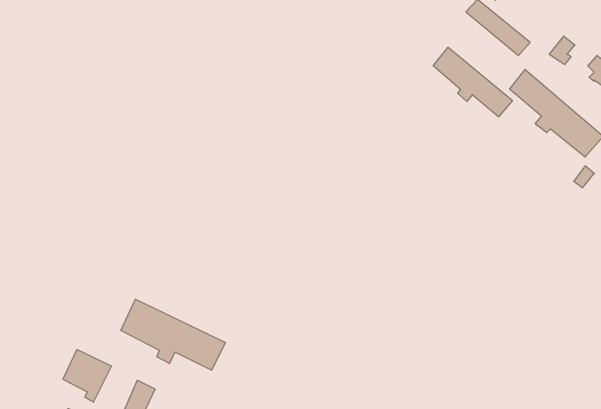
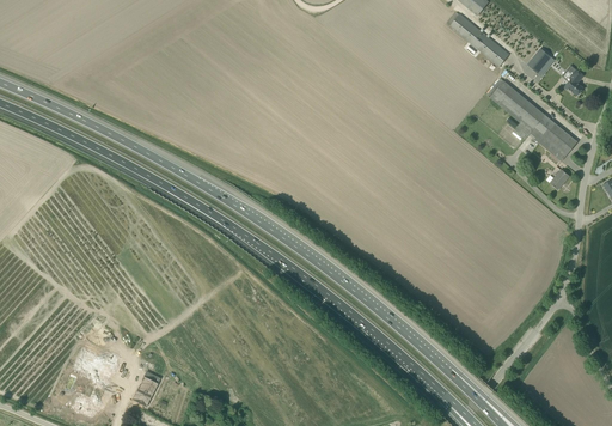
building: [433,47,513,117] -> none
building: [121,299,226,370] -> none

